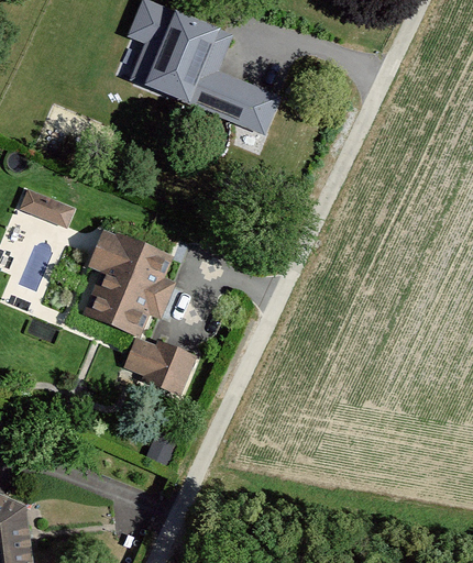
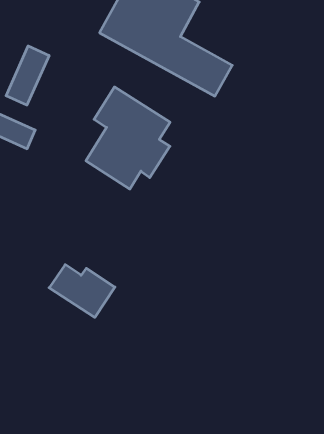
building: none -> [6,46,49,105]
building: [86,230,176,340] -> [86,87,170,189]

